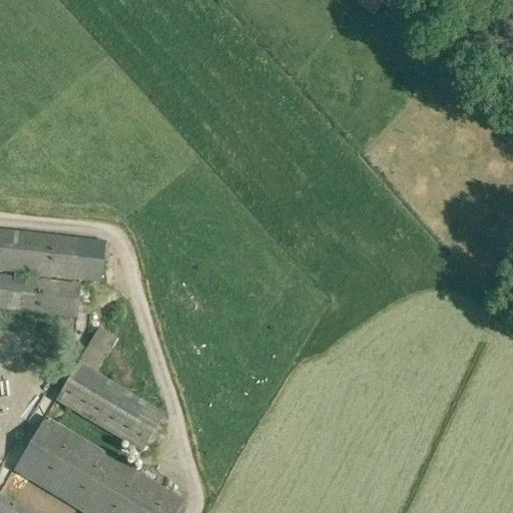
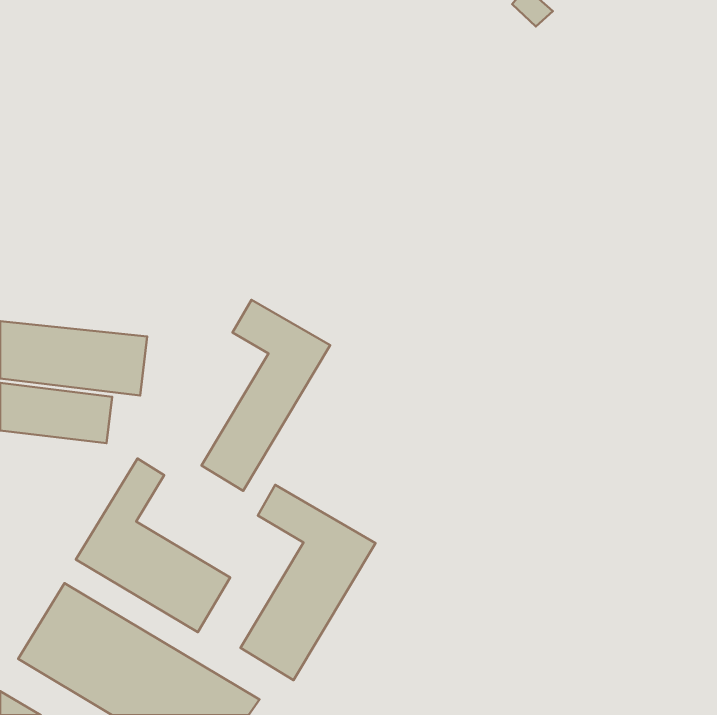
building: none -> [201,300,330,491]
building: none -> [240,485,376,680]

